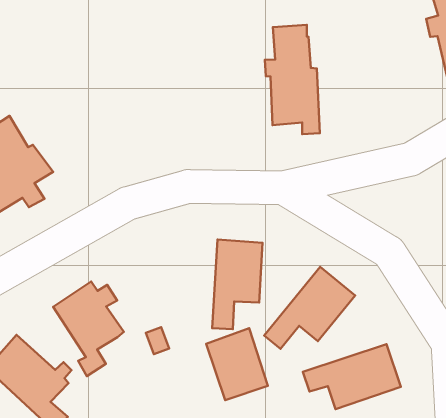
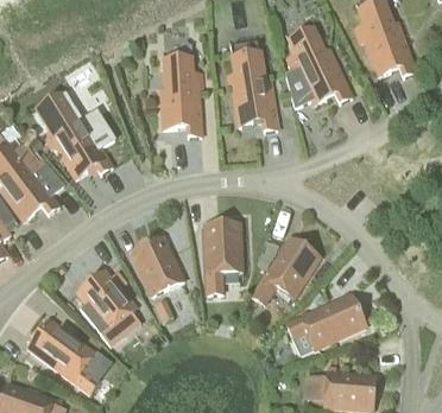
building: none -> [285,26,352,104]
building: none -> [159,57,203,136]
building: none -> [37,94,113,178]
building: [206,328,268,400] -> [130,235,183,296]

